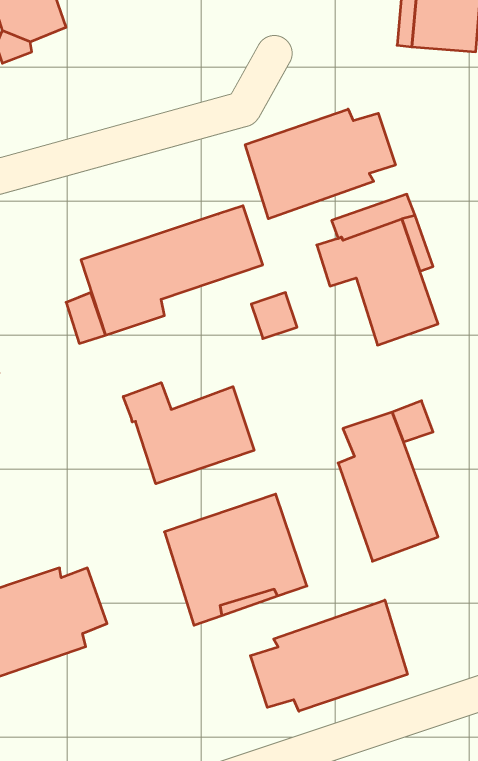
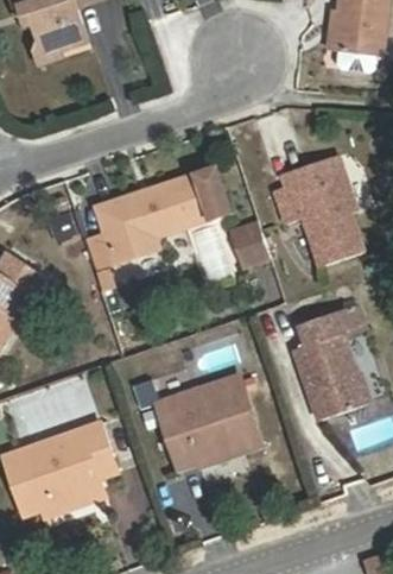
building: [245,109,395,219] -> none
building: [123,383,254,484] -> none
building: [250,600,407,711] -> none

